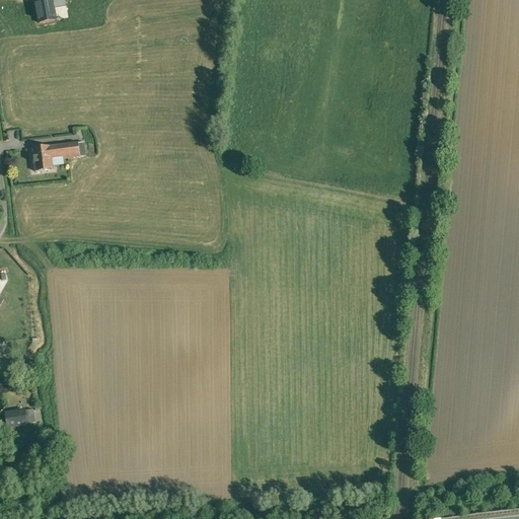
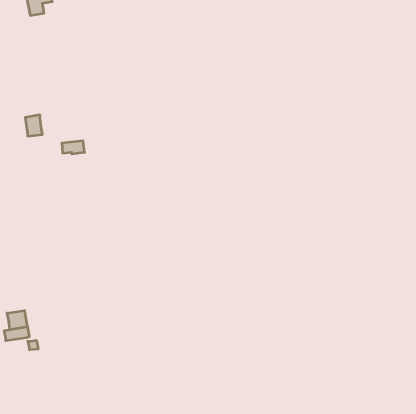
building: [50,140,78,156] -> [62,141,85,154]
building: none -> [7,311,27,330]

